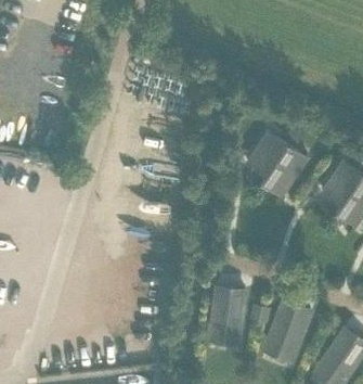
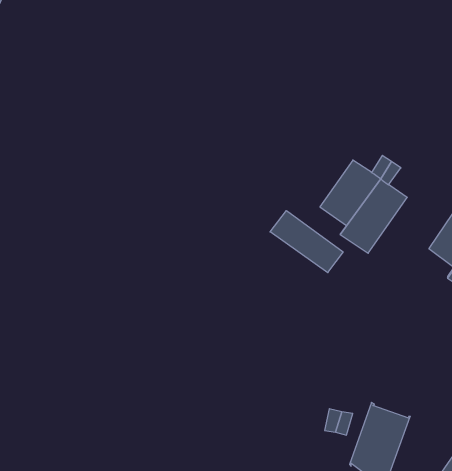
building: none -> [270,211,343,273]
building: [209,290,244,346] -> none

